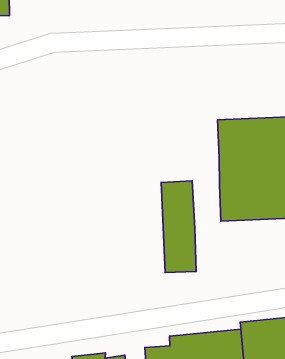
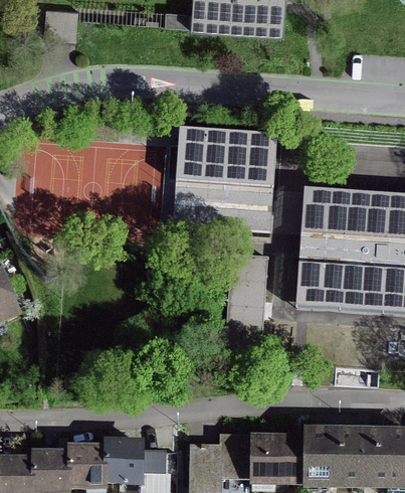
building: none -> [172,126,276,231]

